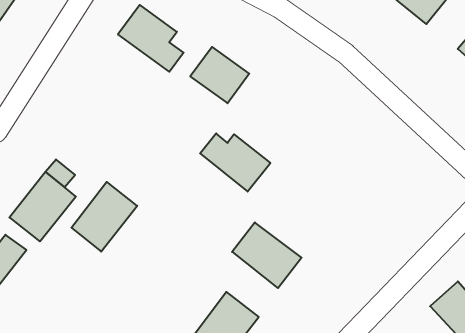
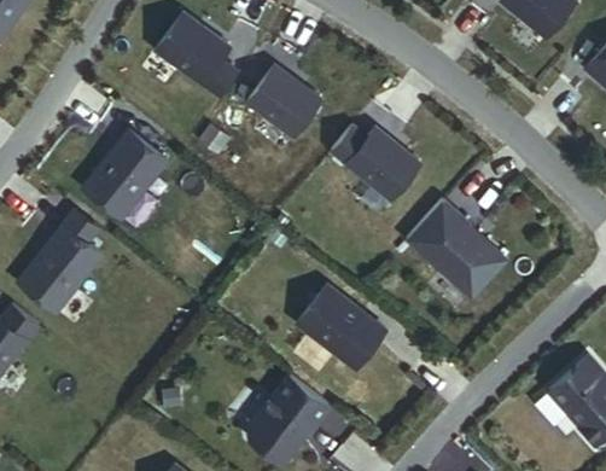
building: [200,133,270,192] -> [331,126,420,199]
building: none -> [406,199,505,297]
building: [71,182,137,252] -> [83,129,167,217]

